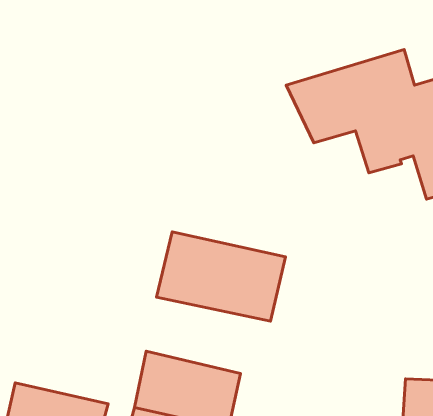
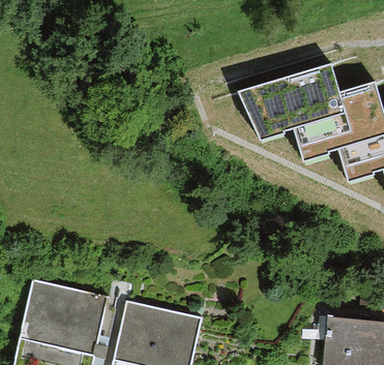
building: [157,232,285,321] -> none
building: none -> [23,280,106,342]

